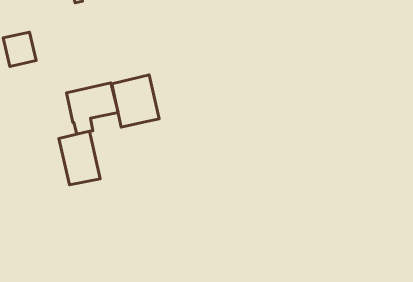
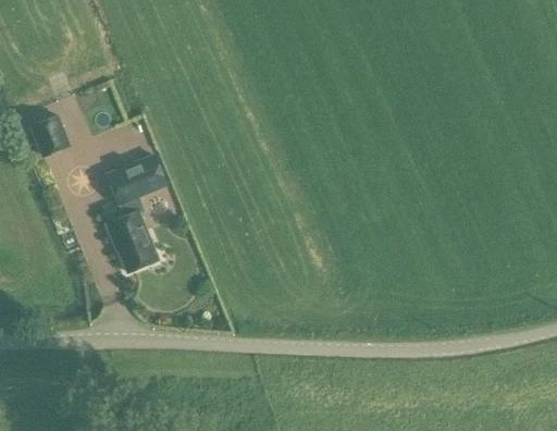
building: [112,75,159,127] -> none

